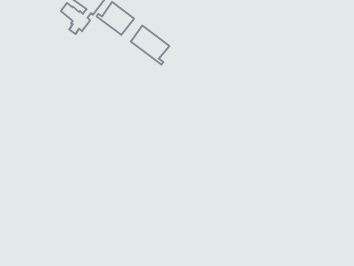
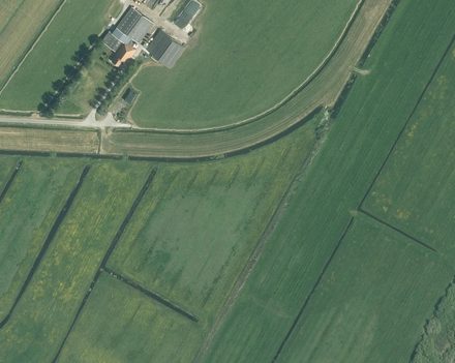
building: [131,26,169,65] -> none

